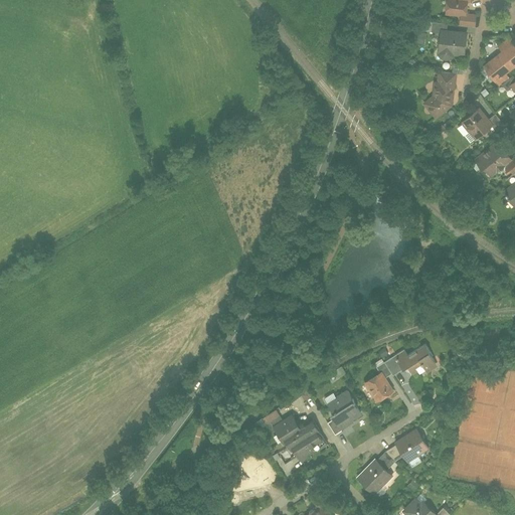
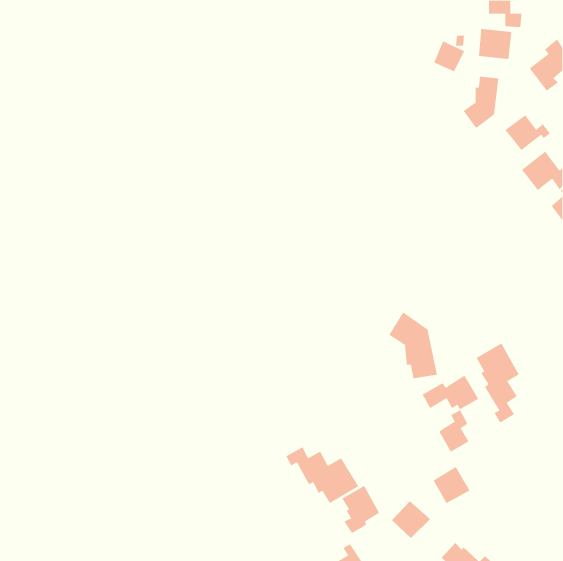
building: none -> [433,41,465,72]
building: none -> [389,312,438,379]
building: none -> [476,343,519,424]
building: [365,362,393,401] -> [438,409,469,452]
building: [326,390,361,435] -> [341,485,380,534]

